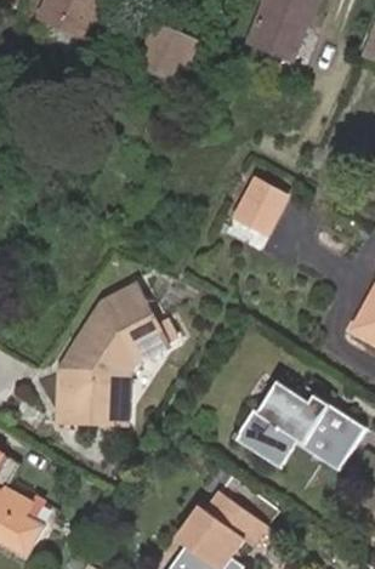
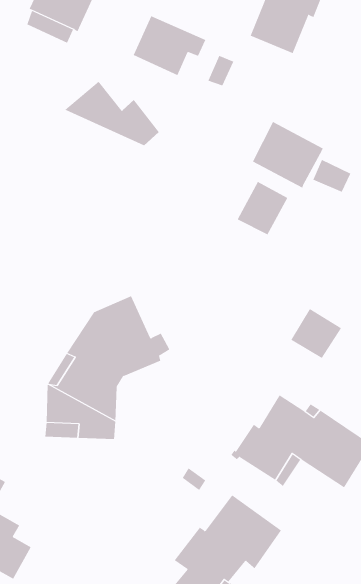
building: none -> [64,81,160,146]
building: none -> [252,121,324,189]
building: none -> [290,308,342,359]

